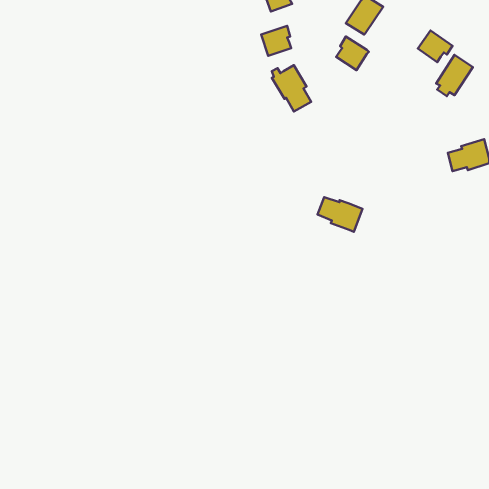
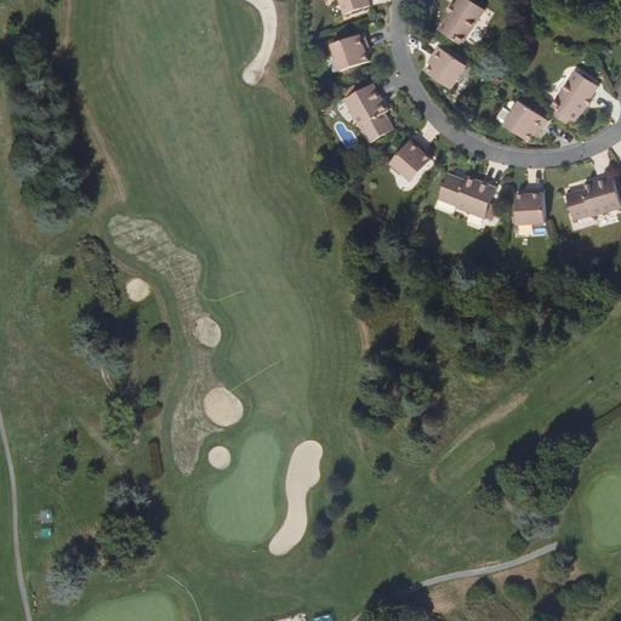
building: [418,30,452,62] -> [502,101,546,141]
building: none -> [391,136,431,180]
building: none -> [515,188,545,224]
building: [317,197,363,232] -> [438,173,495,217]

